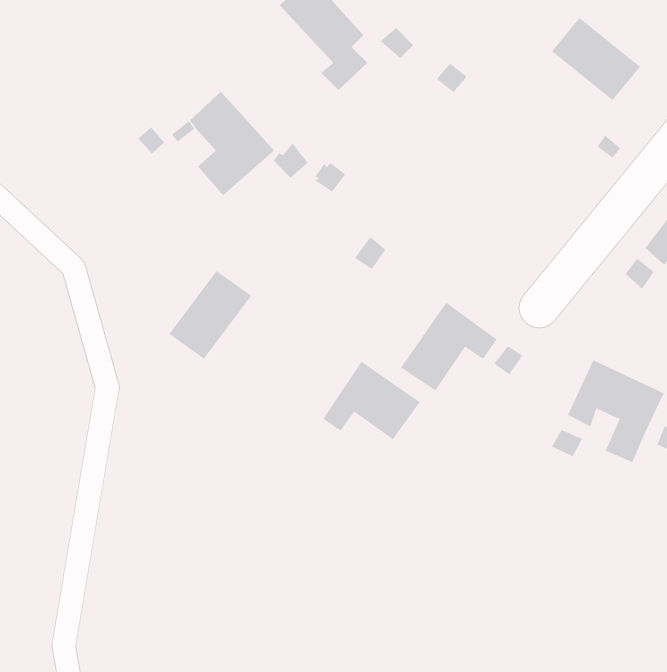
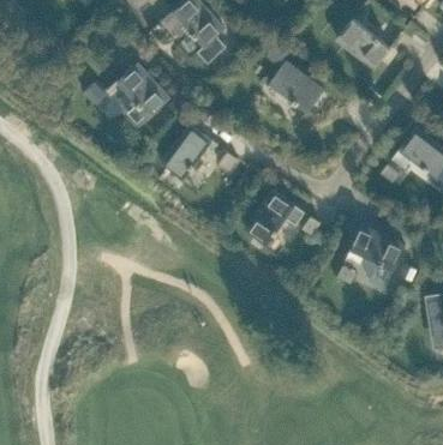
building: none -> [269,62,323,112]
building: [168,270,252,360] -> [161,125,211,179]
building: [323,361,421,440] -> none

